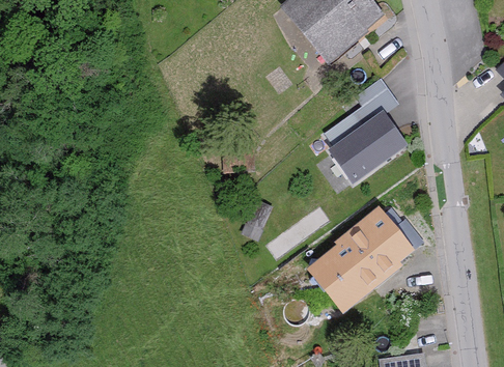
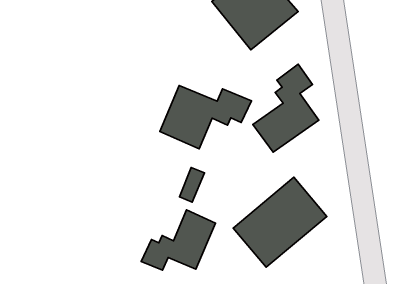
building: none -> [160,85,251,149]
building: none -> [141,210,216,270]

